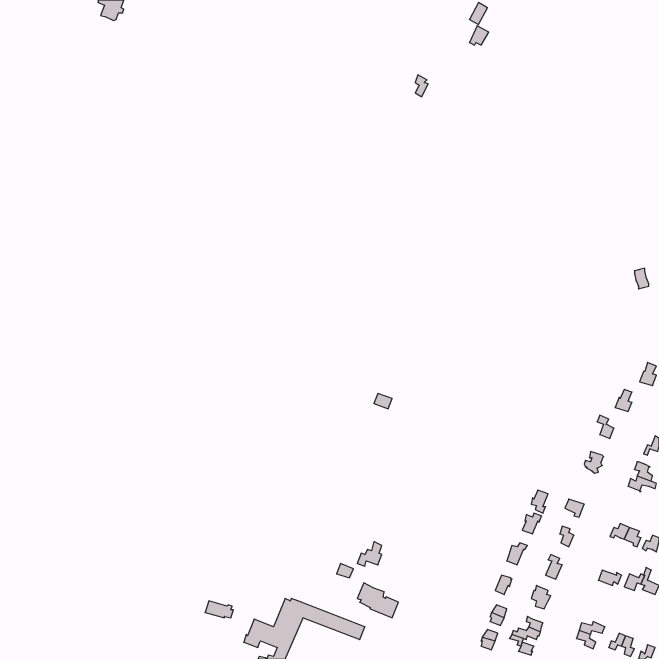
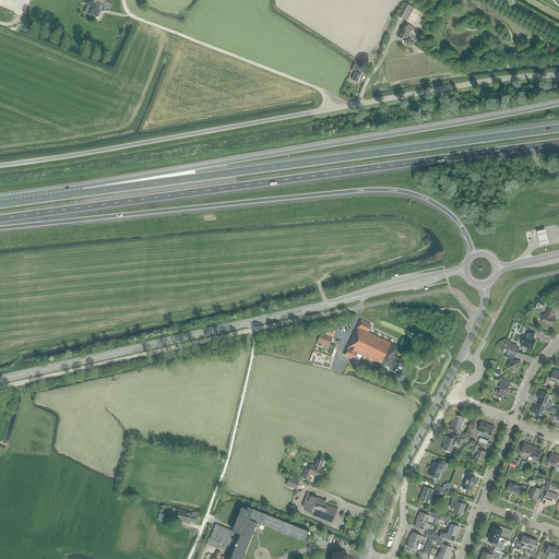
building: none -> [345,320,404,374]

